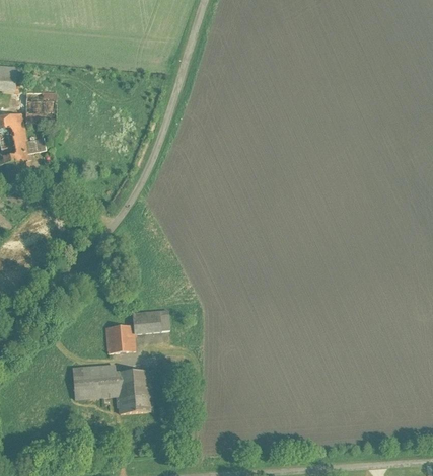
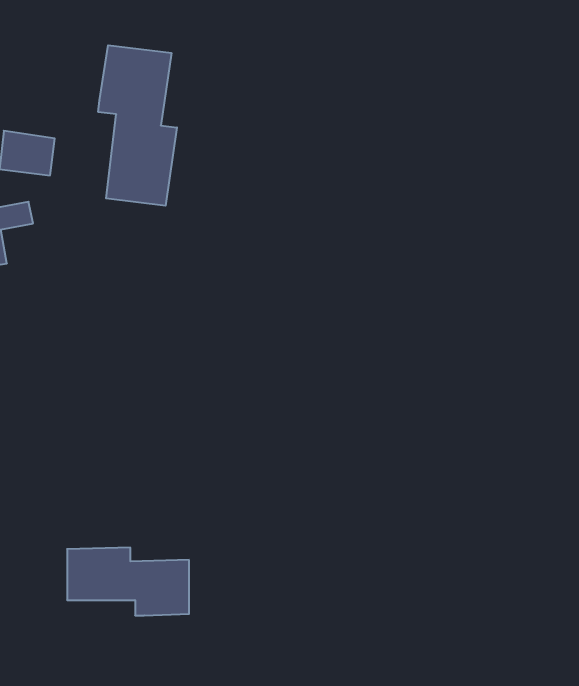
building: none -> [98,45,177,206]
building: [109,315,161,353] -> none

